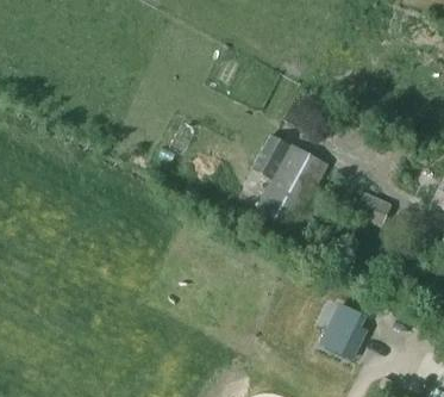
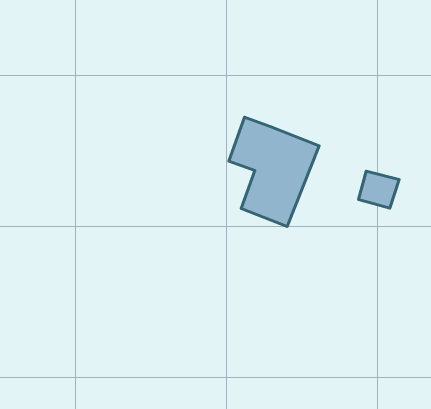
building: [324,303,368,360] -> none

